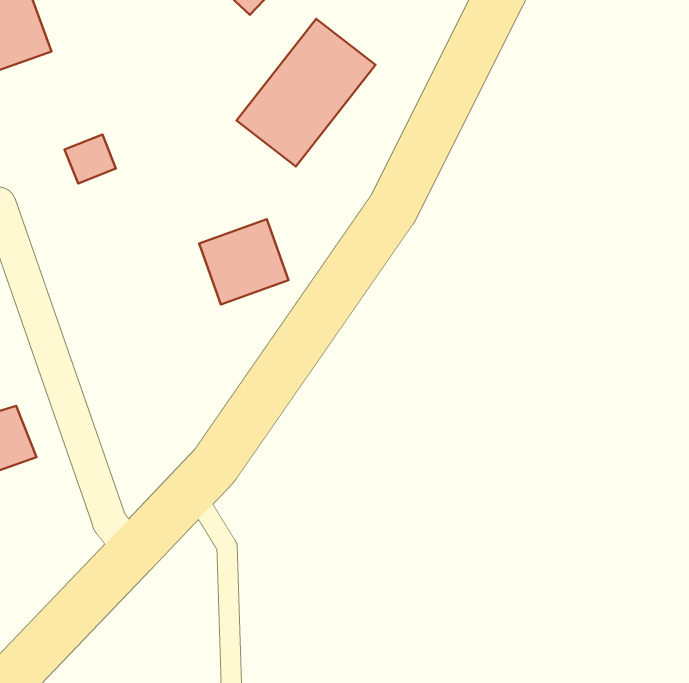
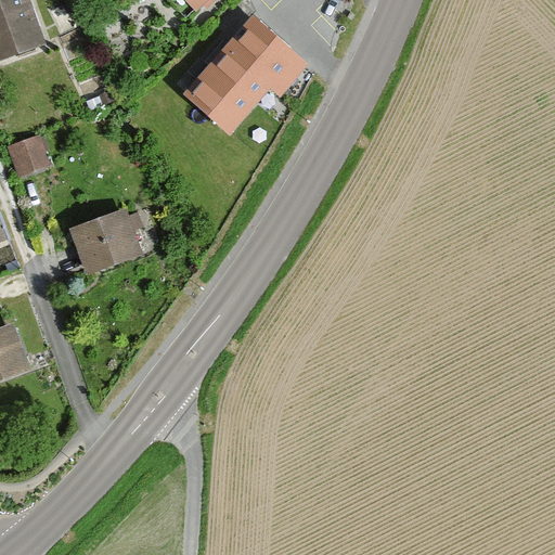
building: [65,135,116,183] -> [8,137,49,176]
building: [199,219,288,304] -> [68,207,140,275]

